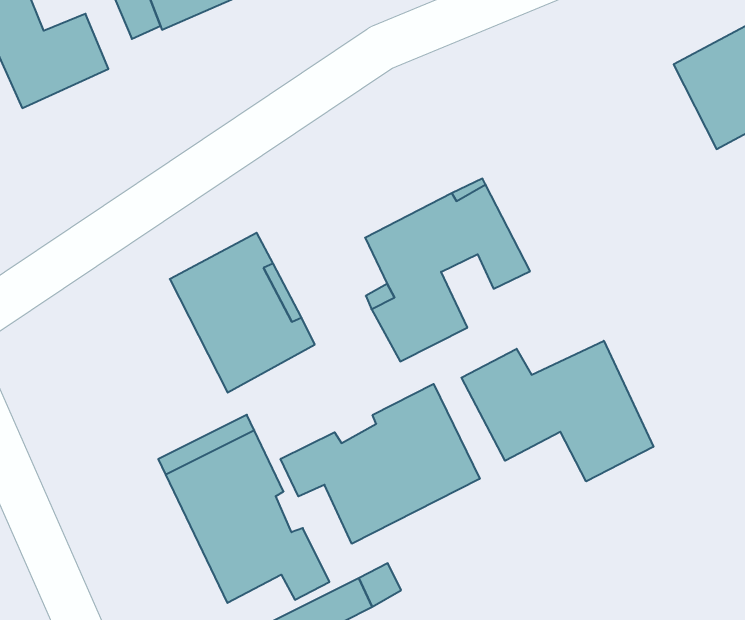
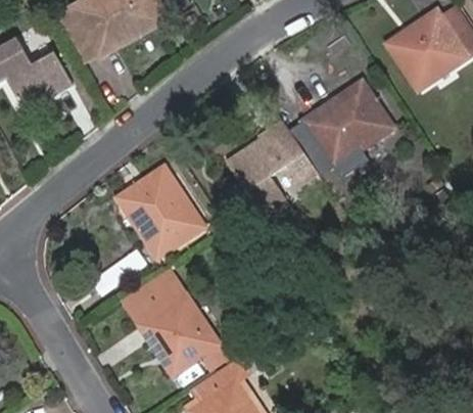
building: none -> [301,80,392,167]
building: [461,341,653,481] -> none
building: [281,384,480,544] -> none

